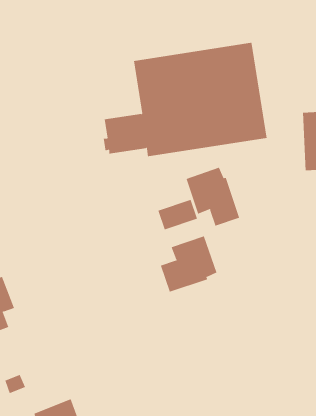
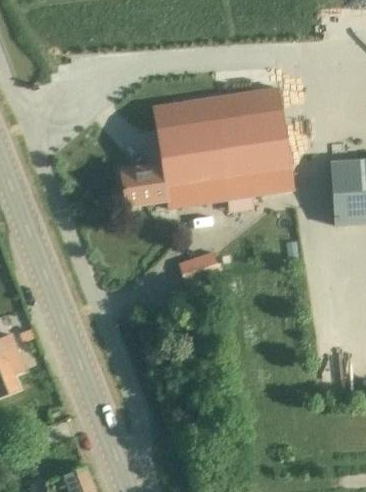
building: [186,167,240,227] -> none
building: [160,236,217,292] -> none

